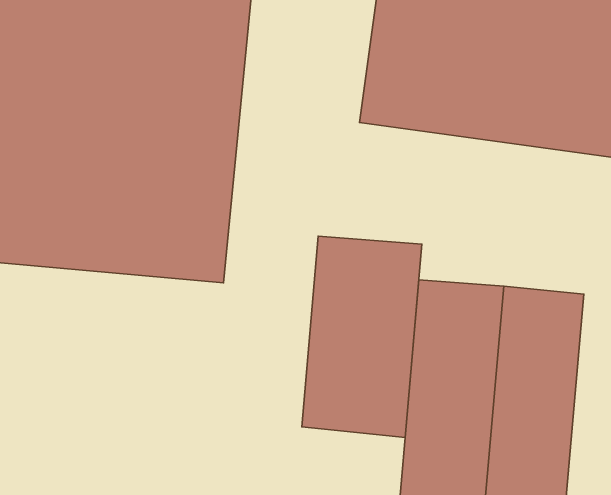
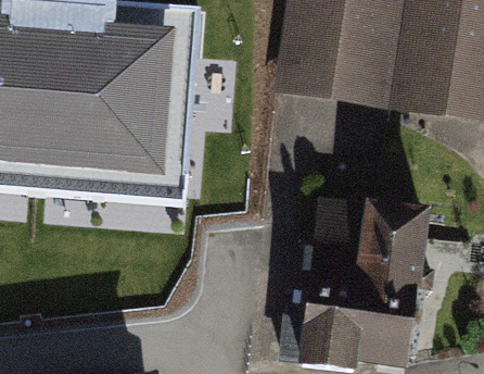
building: [302,236,422,438] -> none

